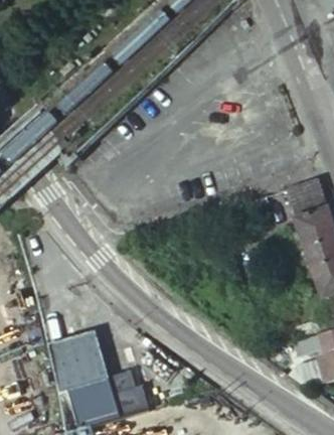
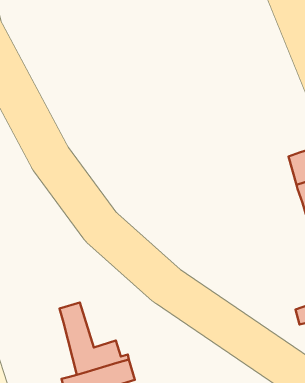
building: [42,337,86,408] -> none

